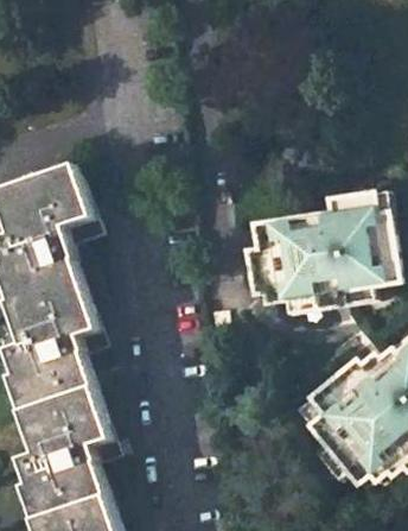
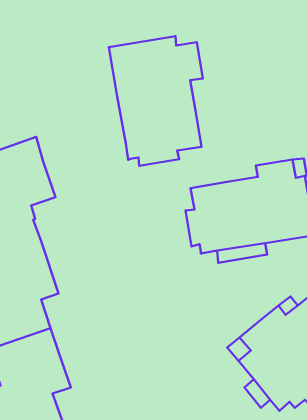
building: none -> [109,36,203,166]

